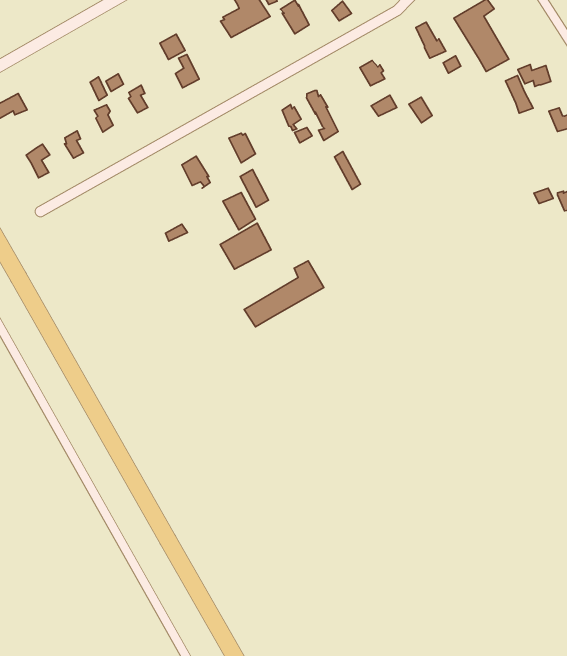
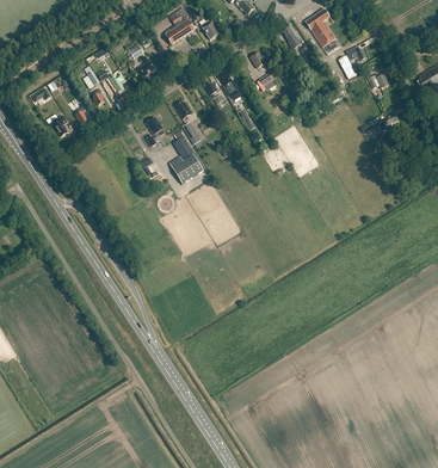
building: [244,261,324,327] -> none

